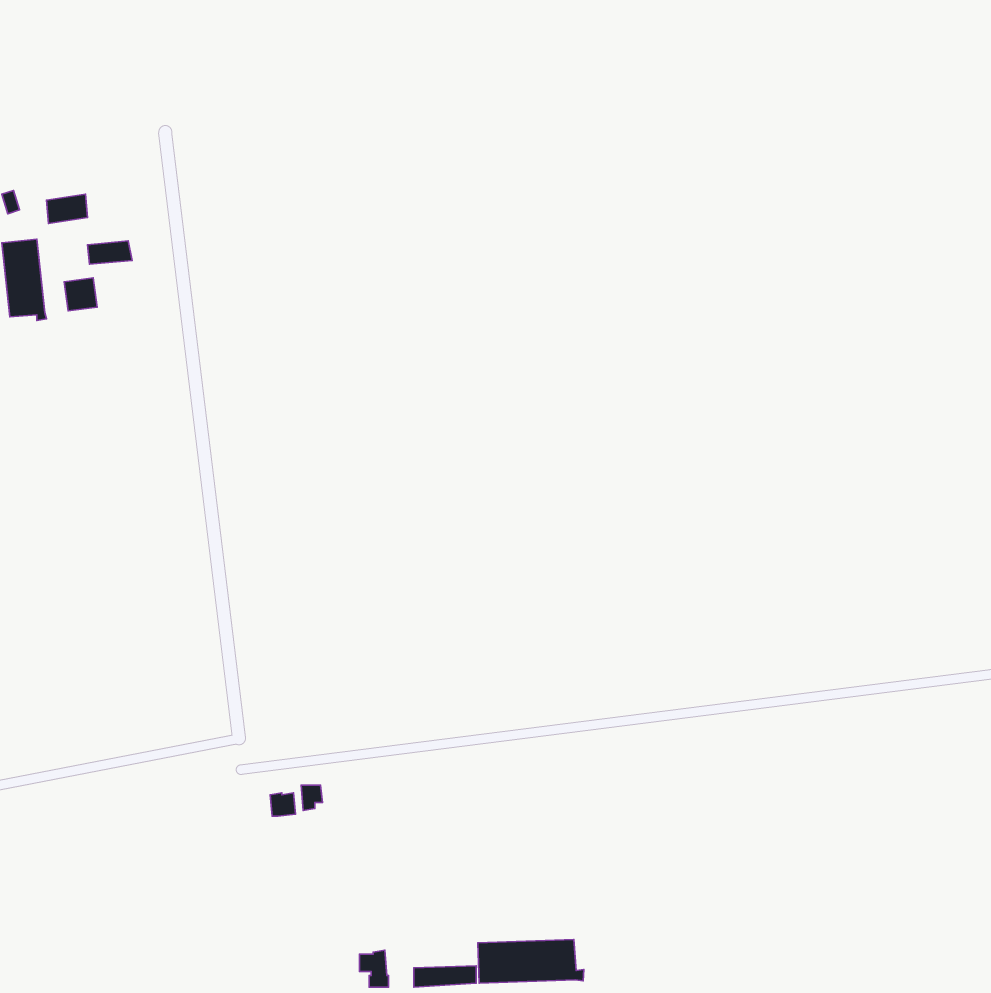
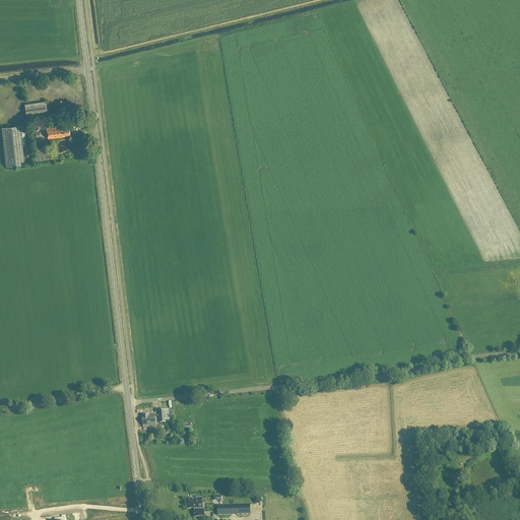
building: [478,939,584,983] -> none

